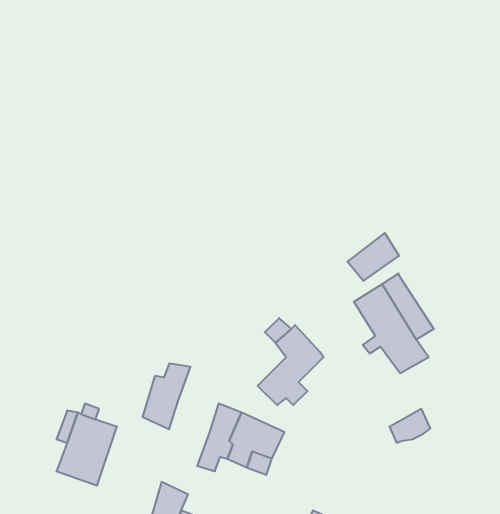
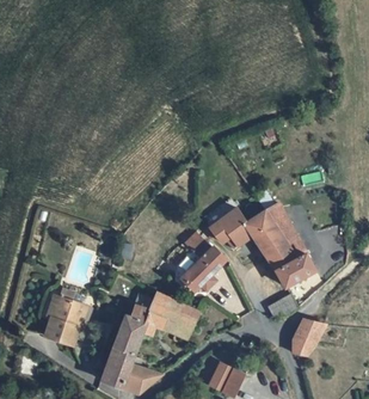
building: [347,233,399,281] -> [211,207,246,239]
building: none -> [277,240,318,288]
building: [142,363,191,429] -> [117,307,149,351]
building: none -> [293,317,326,355]

